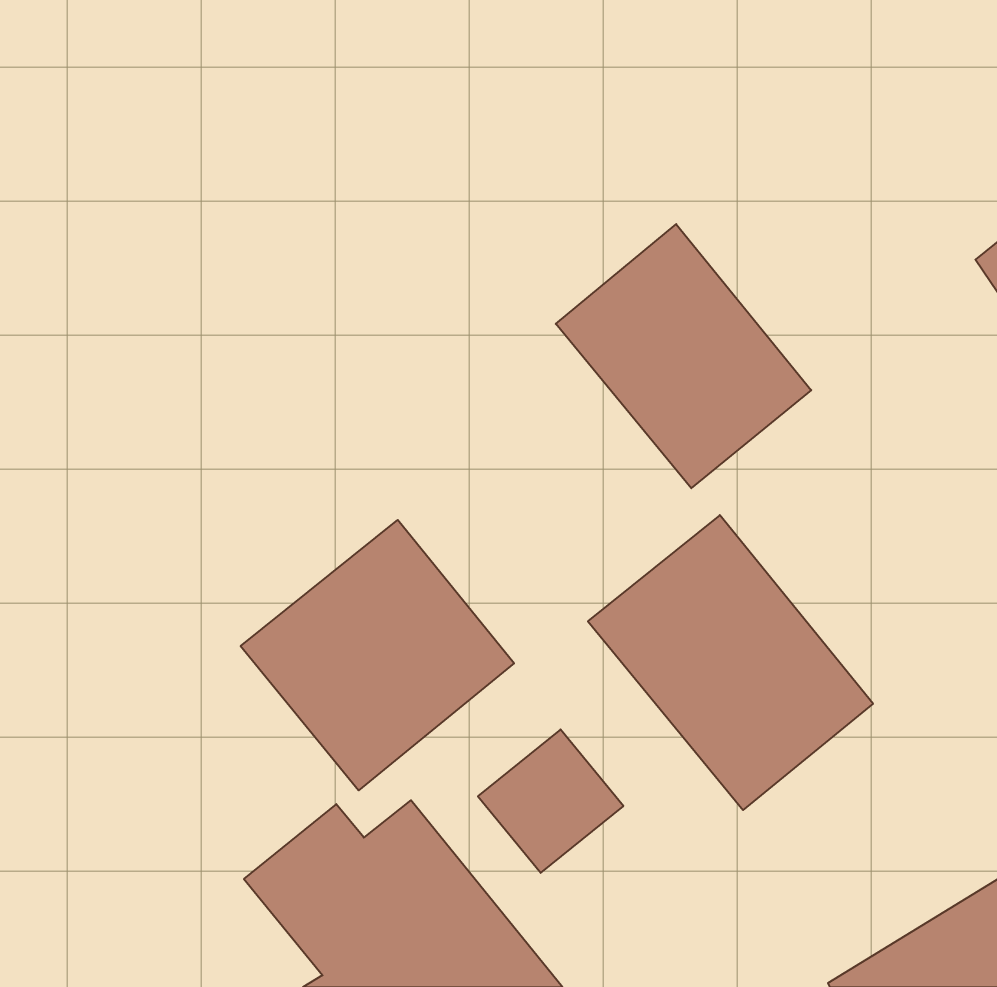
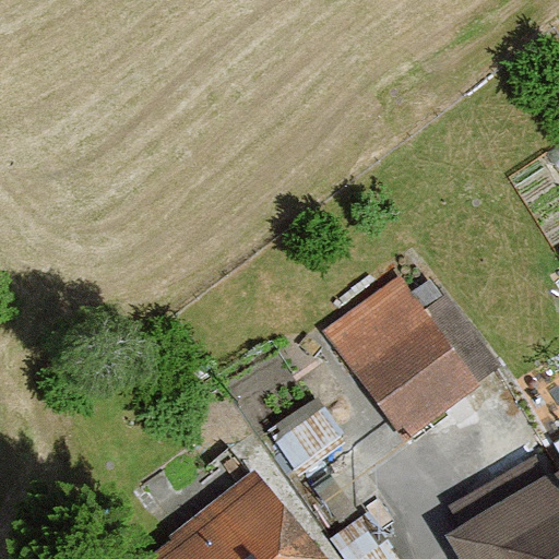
building: [556,224,811,488] -> none
building: [241,520,514,790] -> none

